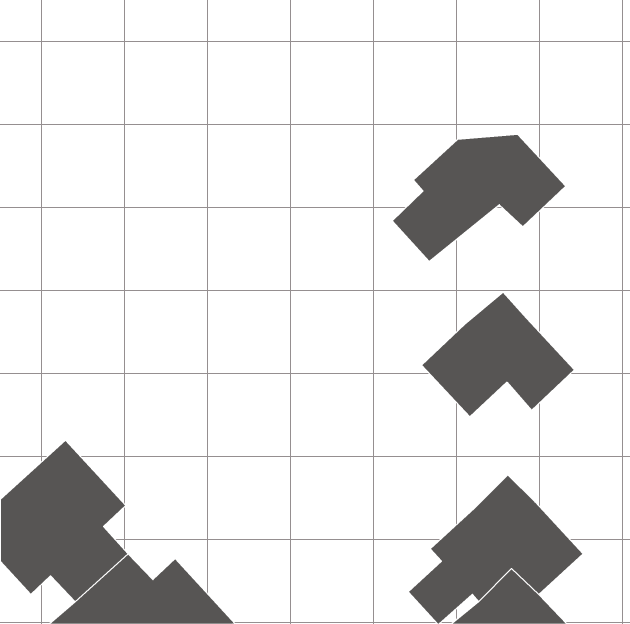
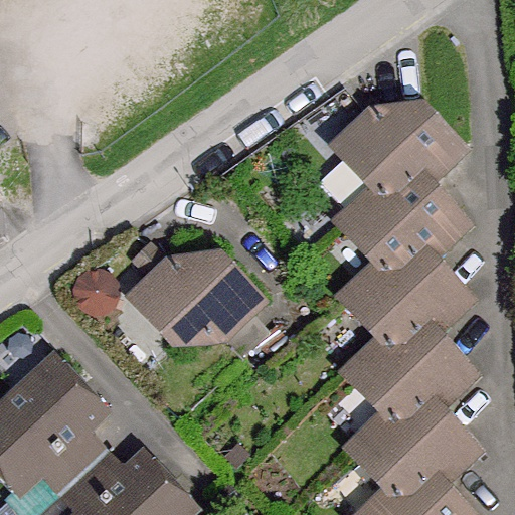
building: none -> [340,167,465,265]
building: none -> [134,242,259,340]
building: none -> [347,312,472,414]

